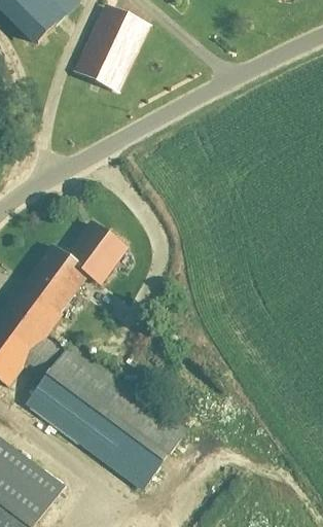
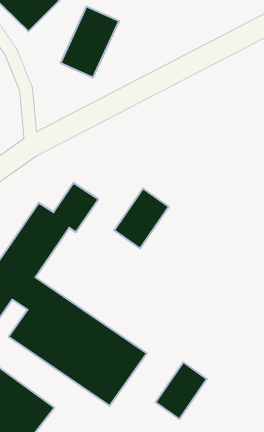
building: none -> [114,188,169,248]
building: none -> [156,362,207,419]

